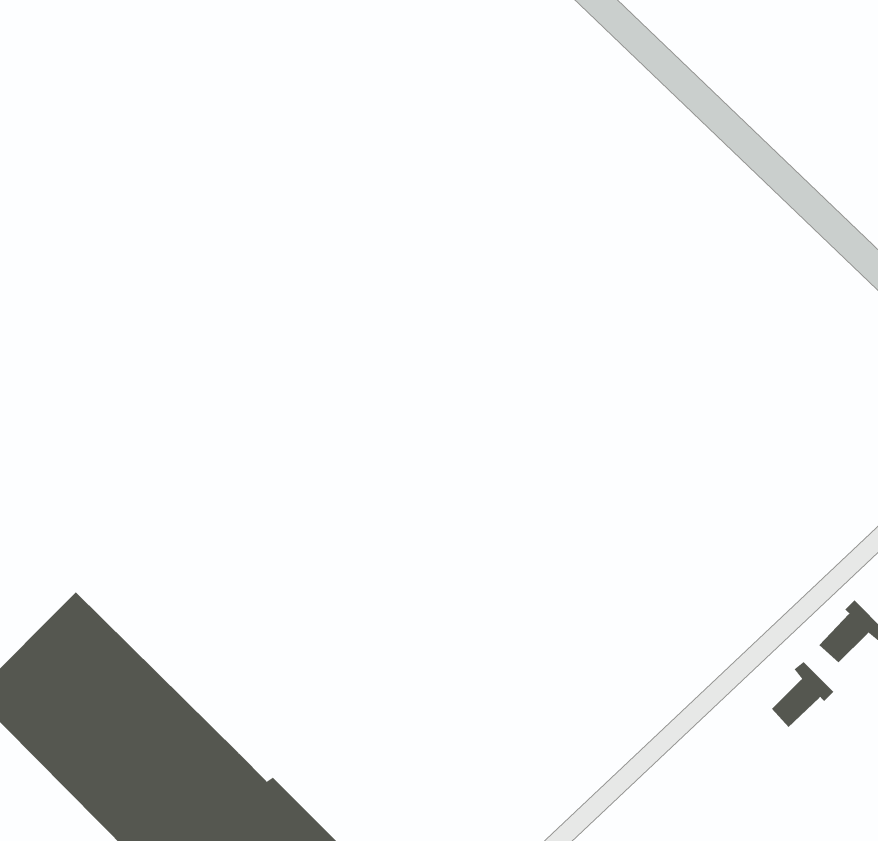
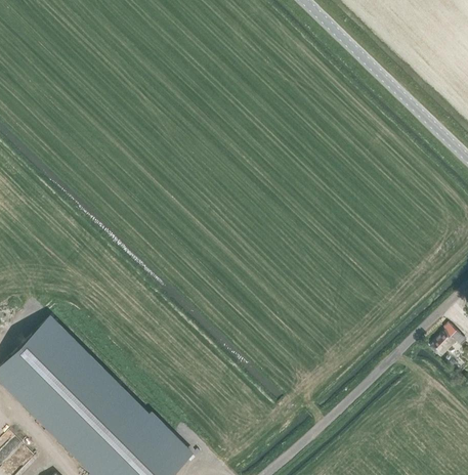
building: [771,661,834,728] -> none

